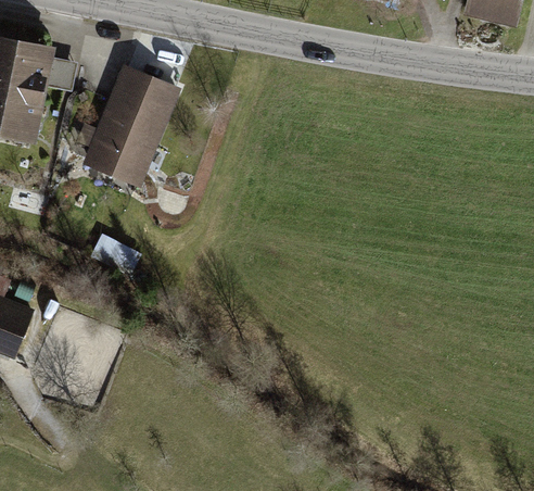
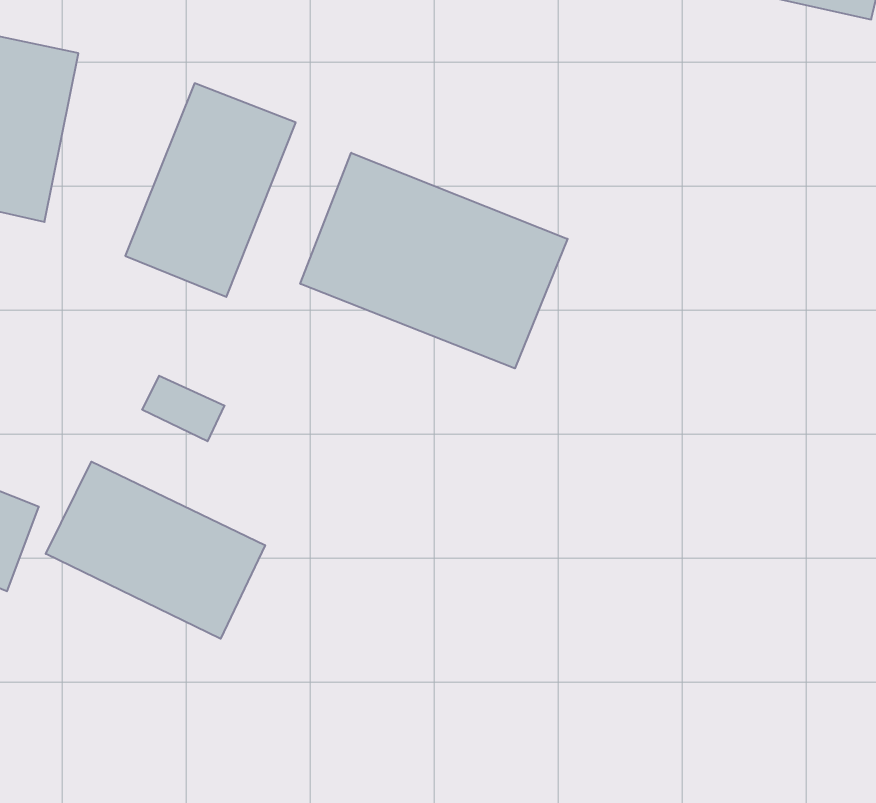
building: none -> [300,153,568,368]
building: none -> [46,462,265,639]

